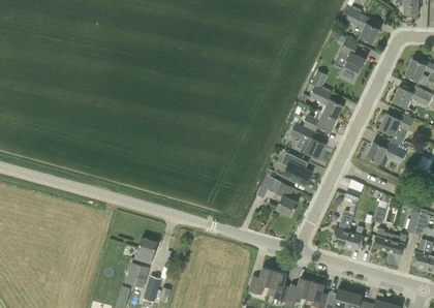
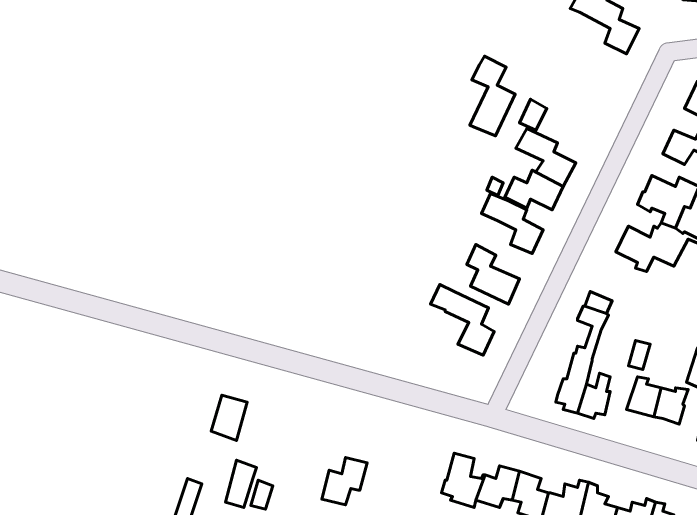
building: [338,37,364,83] -> [470,56,515,136]
building: [125,263,149,288] -> none
building: [248,268,274,295] -> [322,458,367,505]

